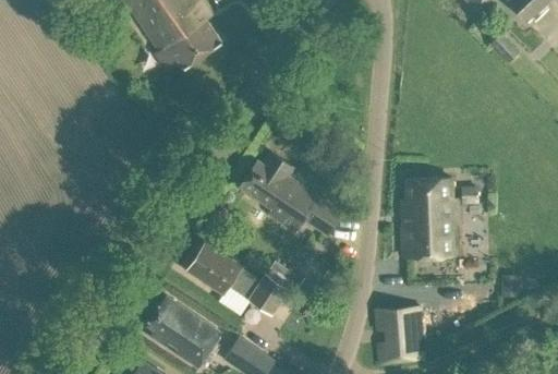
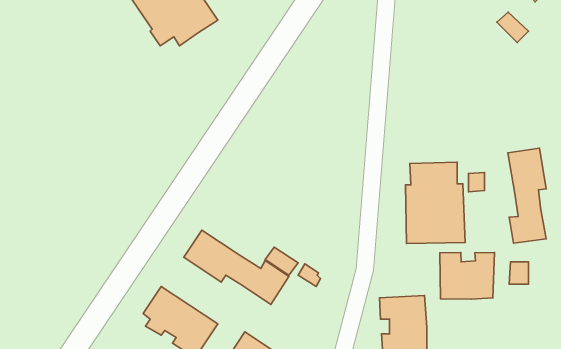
building: [239,153,341,237] -> none
building: none -> [508,148,546,243]
building: none -> [440,253,495,299]

